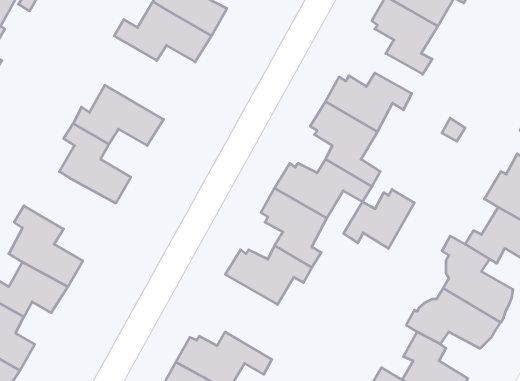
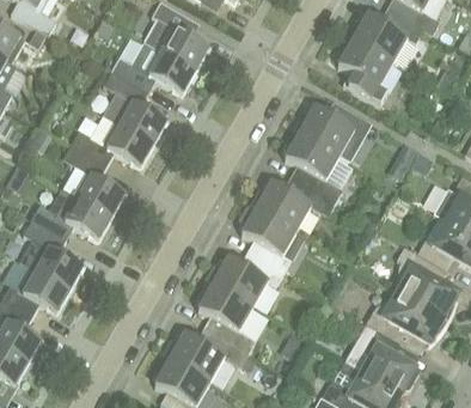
building: none -> [103,71,167,144]
building: none -> [32,195,112,239]
building: [344,189,414,249] -> none
building: none -> [196,279,257,353]

